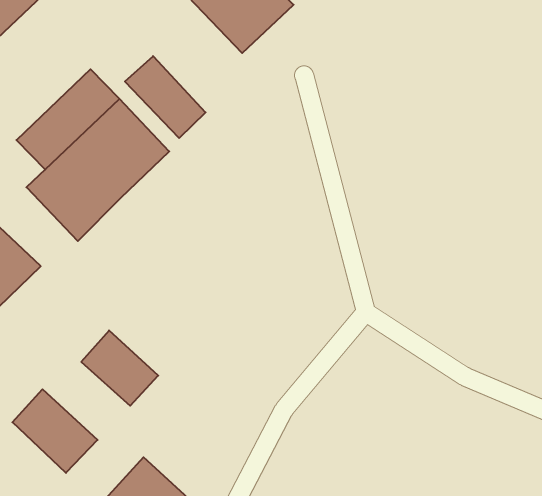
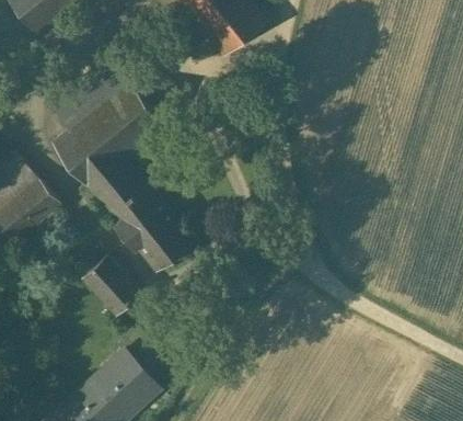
building: [125,56,206,138] -> none
building: none -> [88,159,192,273]
building: [12,389,98,473] -> none

